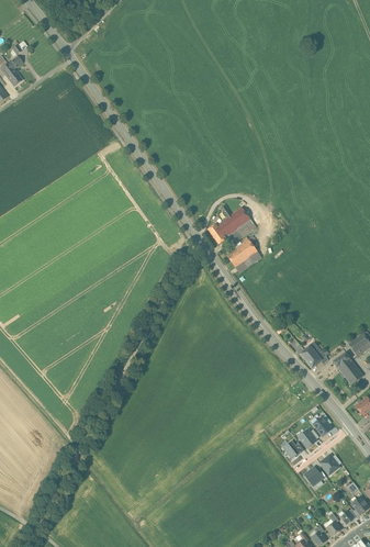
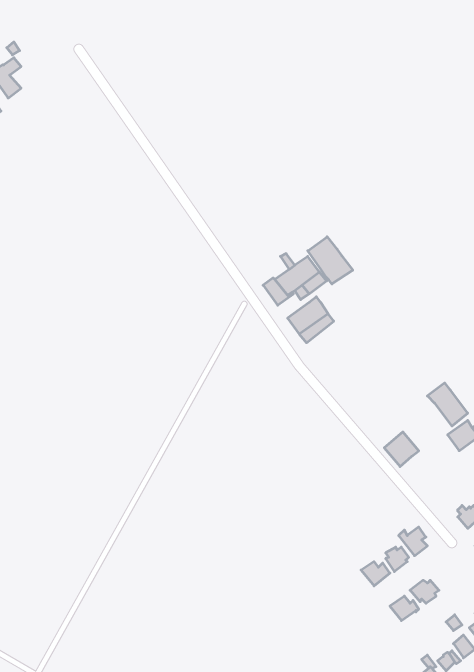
building: none -> [308,237,353,284]
building: [332,353,362,386] -> [427,383,468,426]

